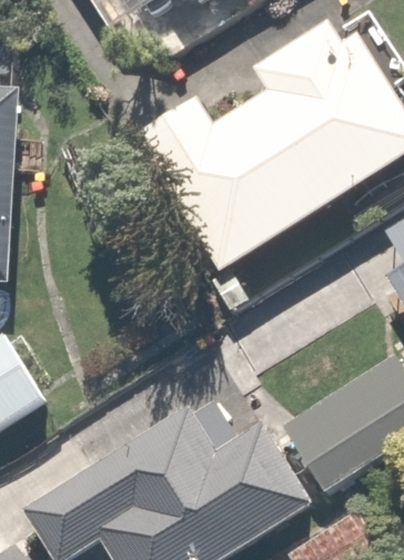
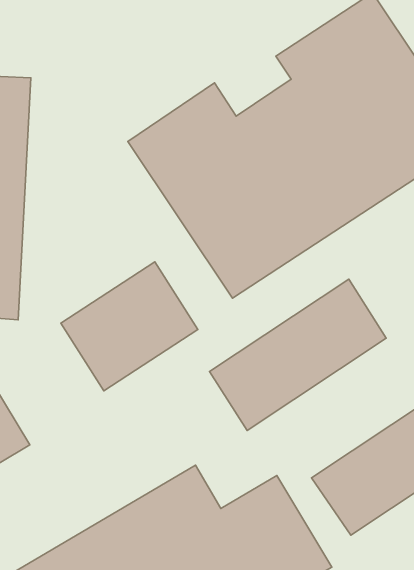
building: none -> [61,262,198,391]
building: none -> [210,279,386,430]

